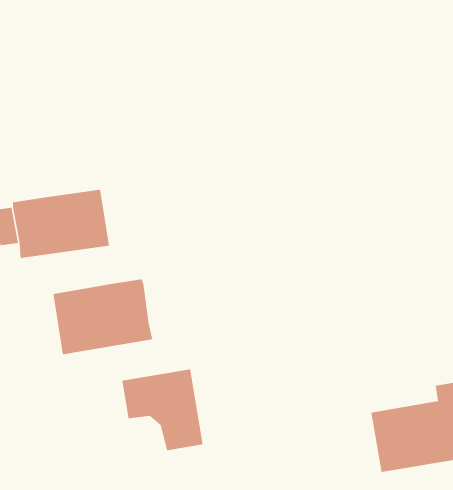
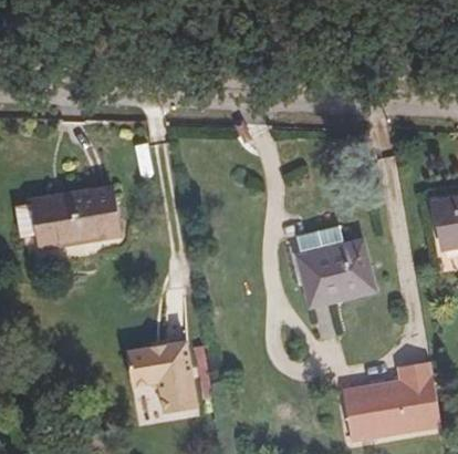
building: none -> [291,218,372,300]
building: [53,279,153,355] -> none

